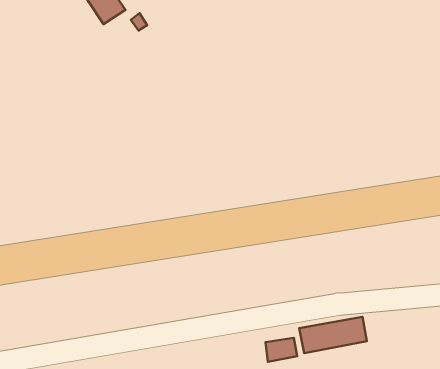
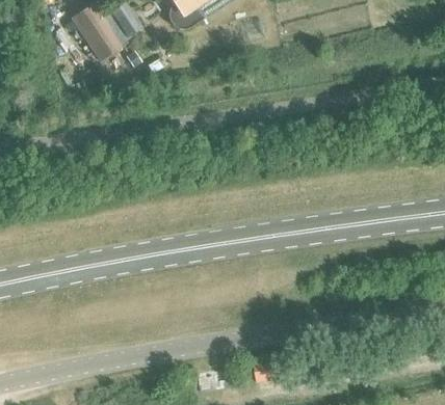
building: [299,317,367,353] -> none

